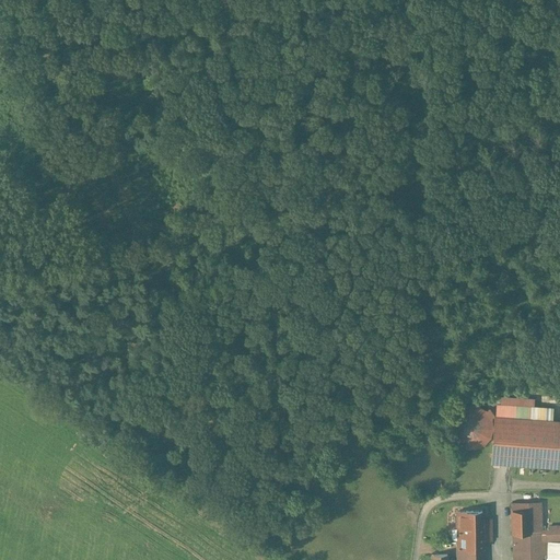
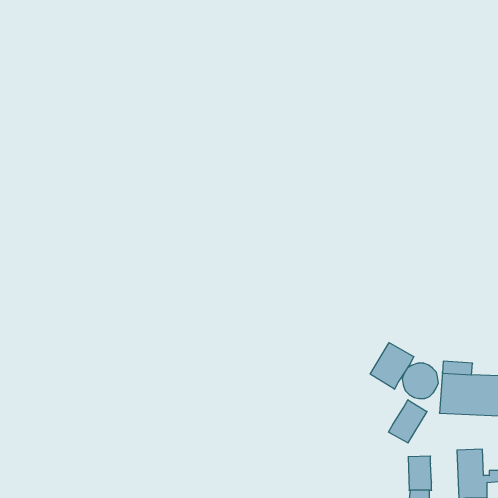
building: none -> [370,343,414,389]
building: none -> [389,400,427,443]

